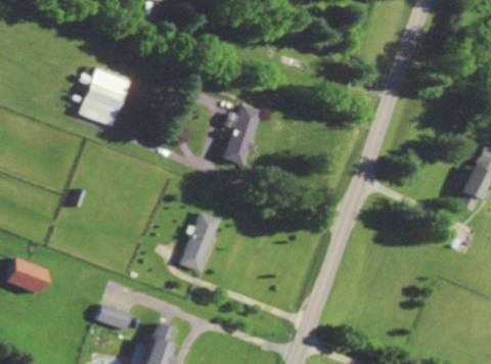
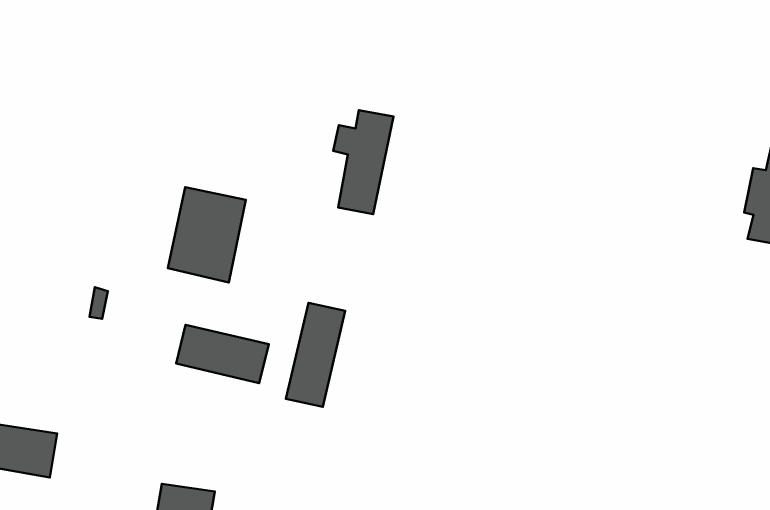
building: [82,69,131,126] -> [168,187,246,282]
building: none -> [176,325,269,383]

